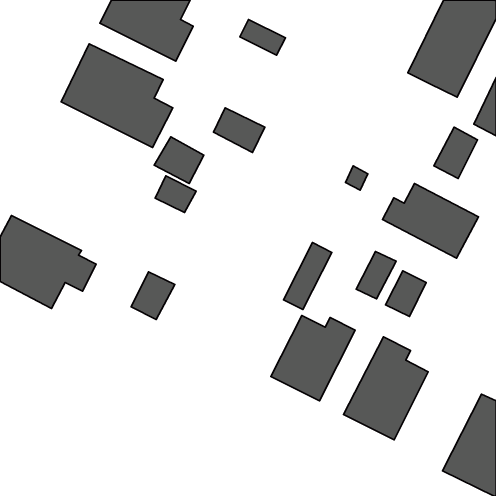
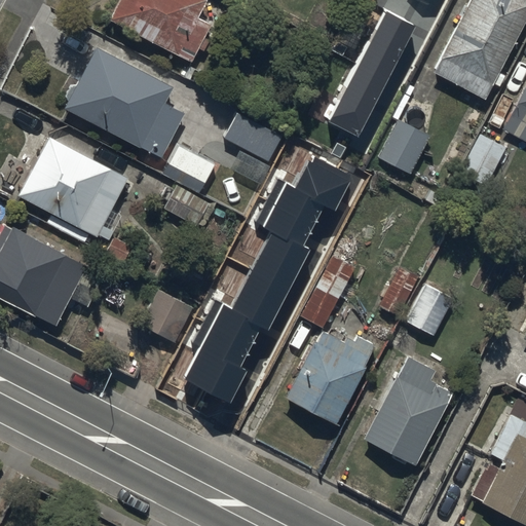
building: none -> [325,8,416,134]
building: none -> [380,122,430,176]
building: none -> [17,137,129,238]
building: none -> [183,150,359,403]
building: [383,183,478,258] -> none

